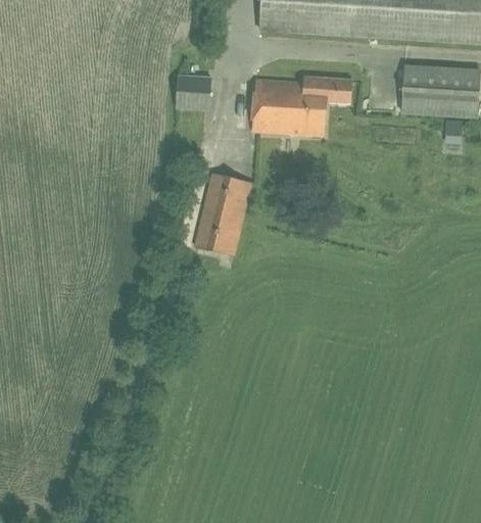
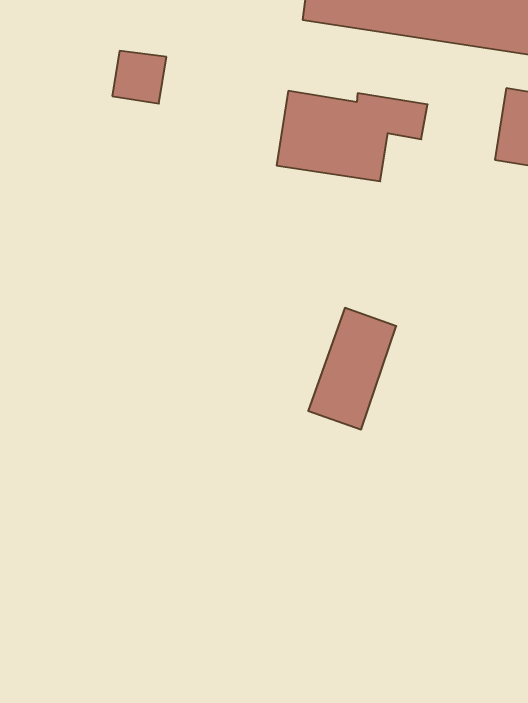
building: [176,75,210,108] -> [112,51,166,104]
building: [195,172,250,254] -> [308,308,396,429]

